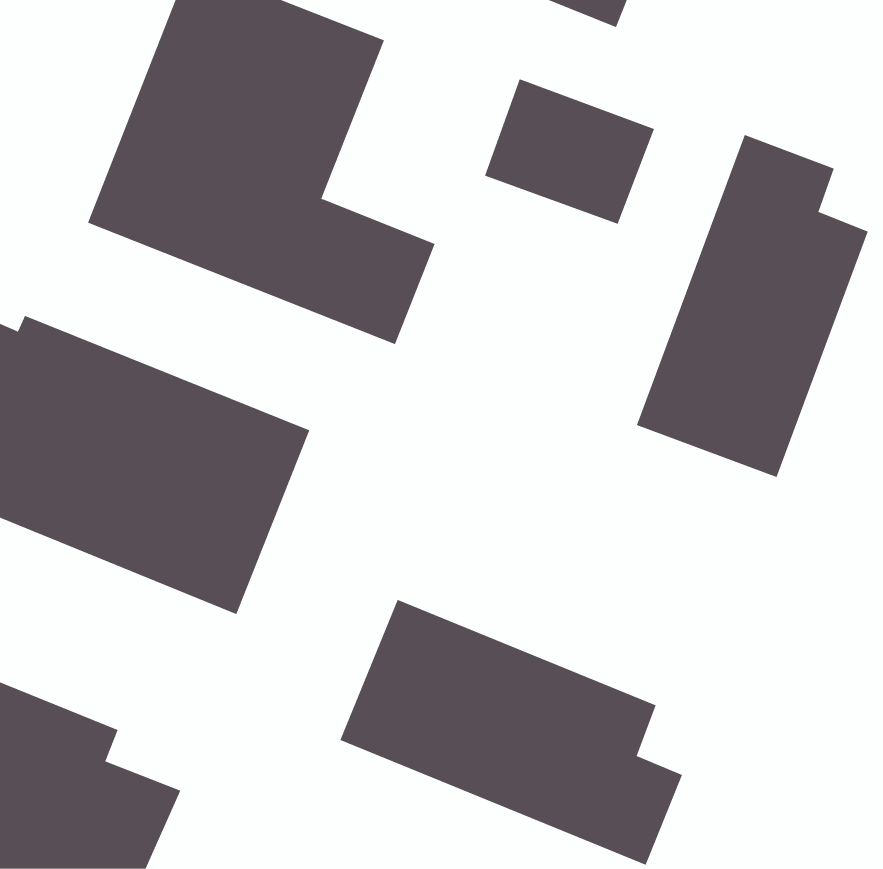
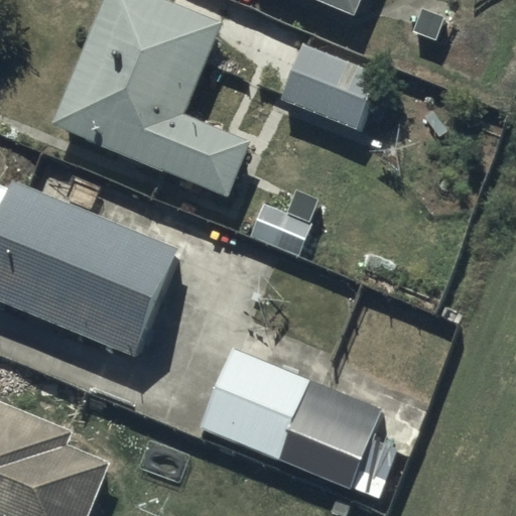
building: [636,134,869,478] -> none

